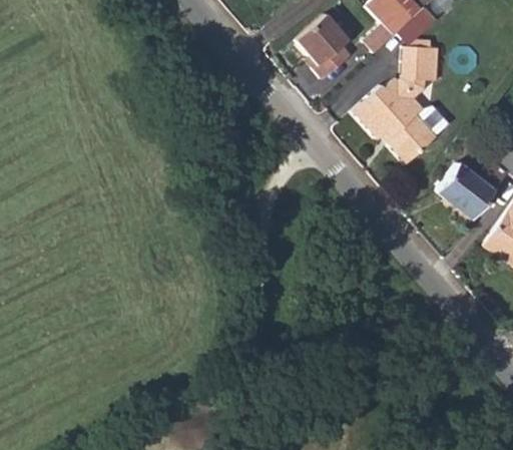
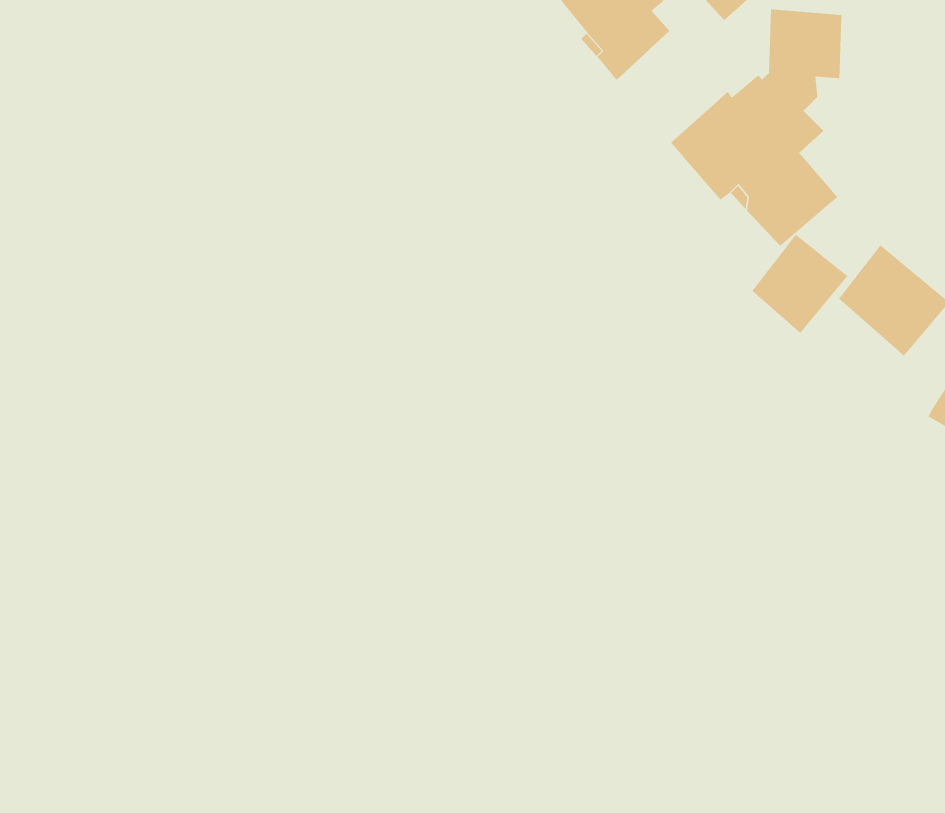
building: none -> [752,234,848,334]

